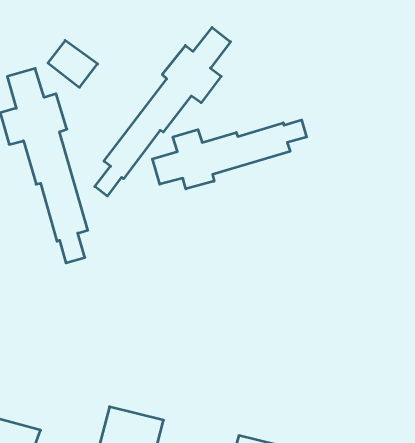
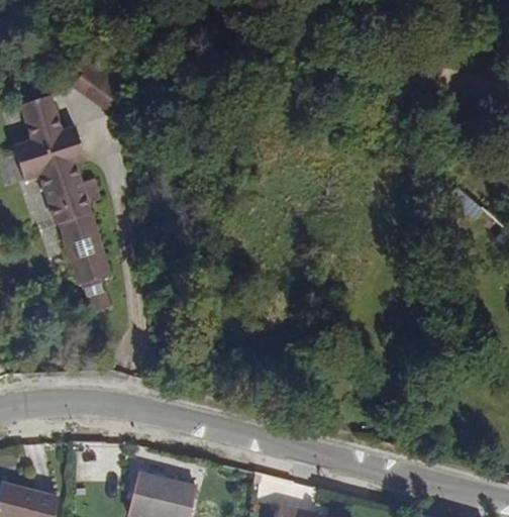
building: [95,27,231,196] -> none
building: [152,120,307,189] -> none

